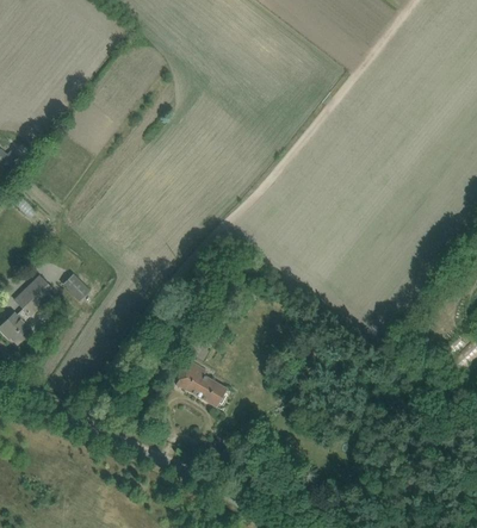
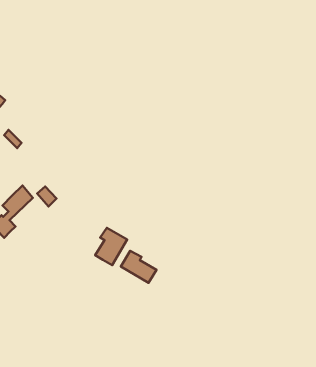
building: none -> [95,228,127,265]

